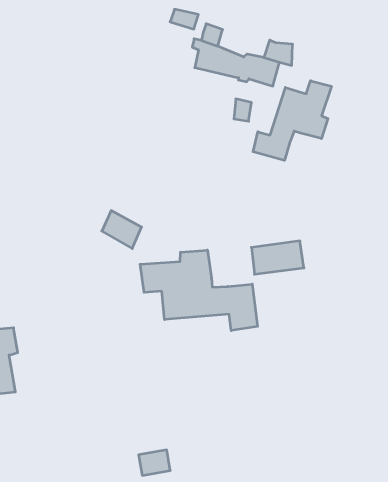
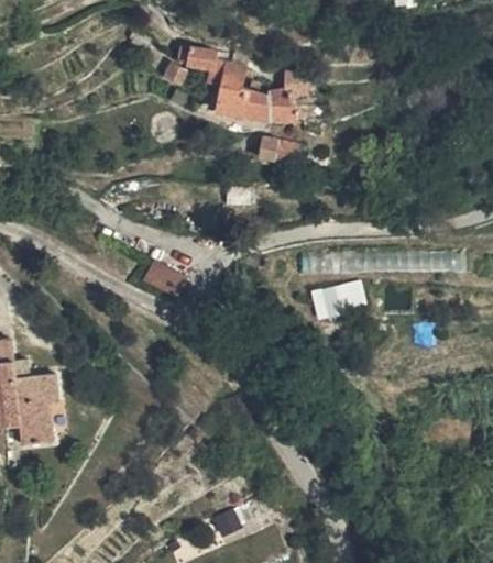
building: [253,81,331,160] -> none
building: [140,250,258,331] -> none

